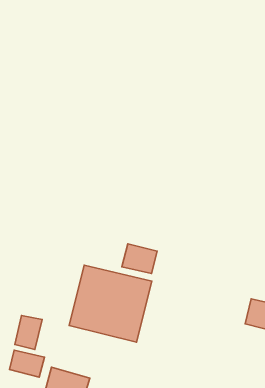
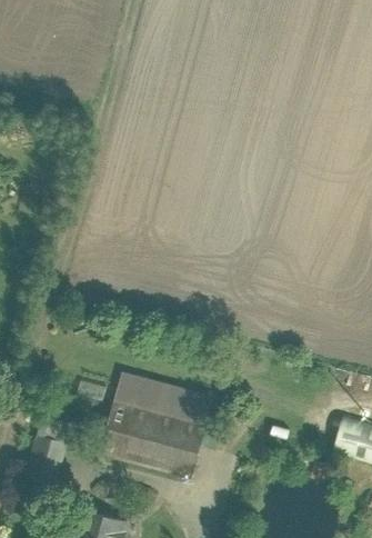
building: [122,244,157,273] -> none
building: [9,350,44,377] -> none

